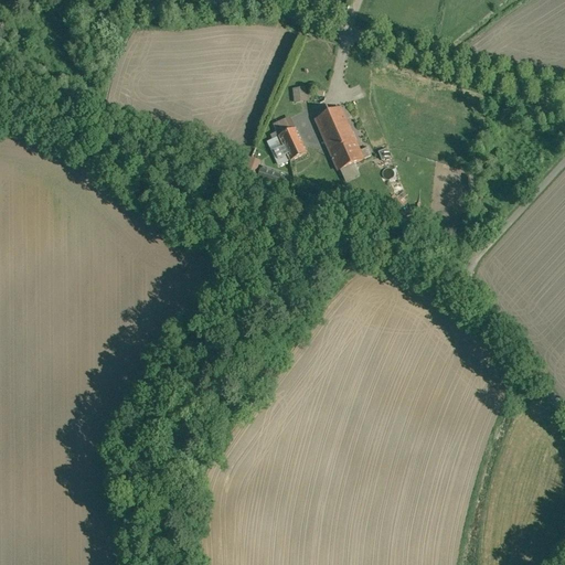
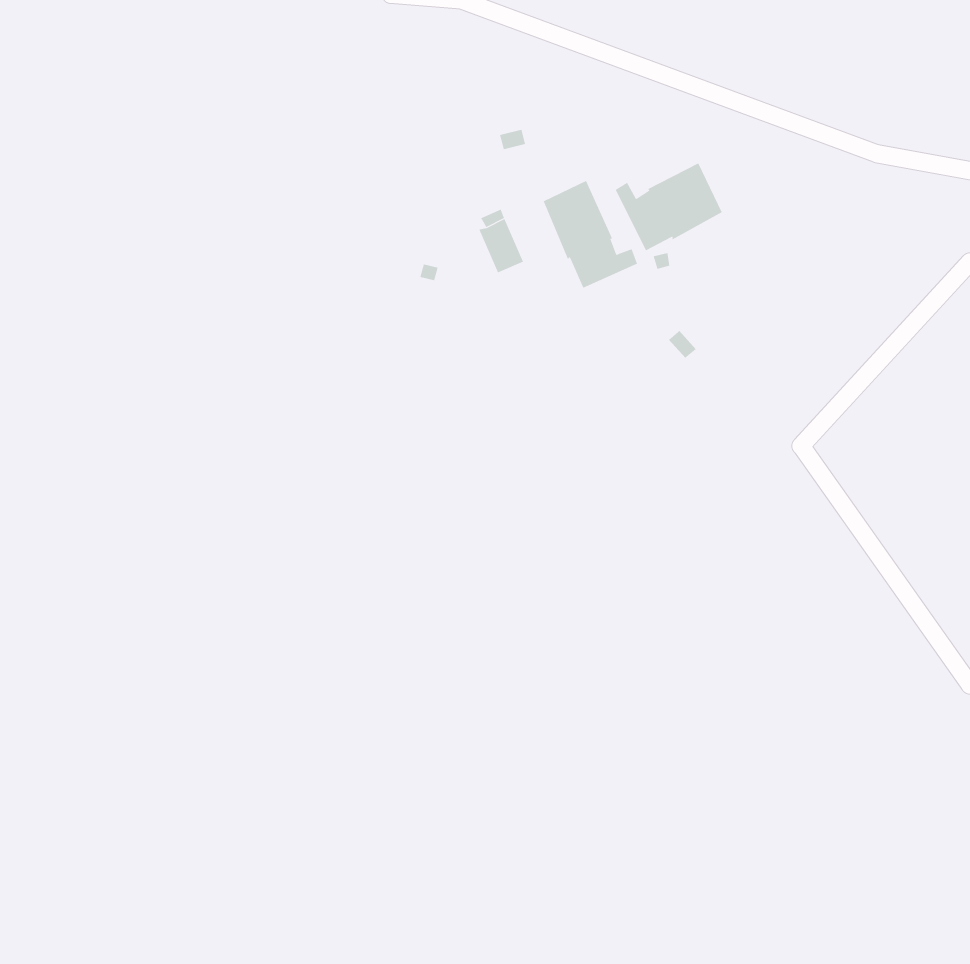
building: none -> [615,162,722,251]

